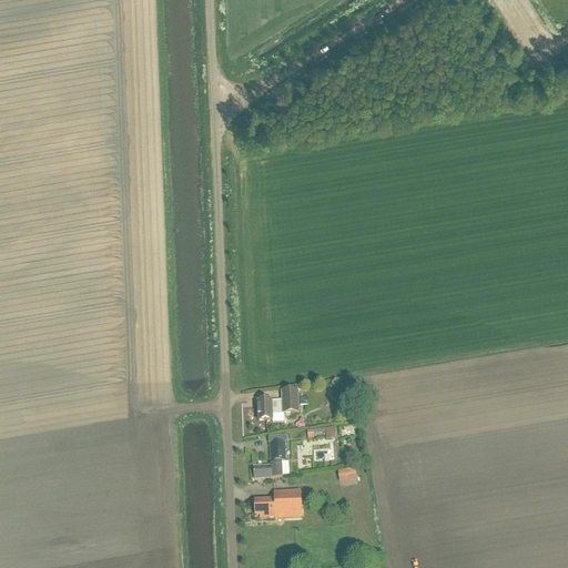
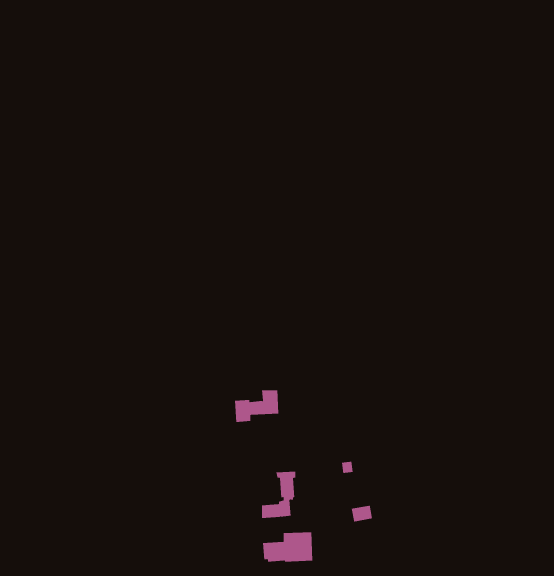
building: [256,388,297,418] -> [234,390,279,422]

